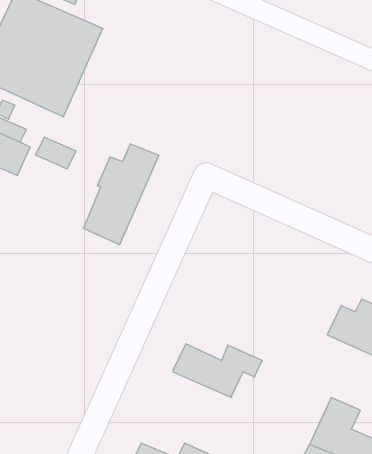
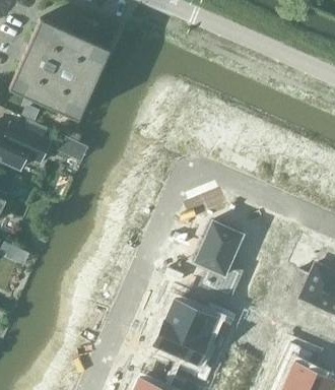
building: [84,144,159,245] -> none
building: none -> [194,219,242,297]
building: none -> [154,321,217,380]

